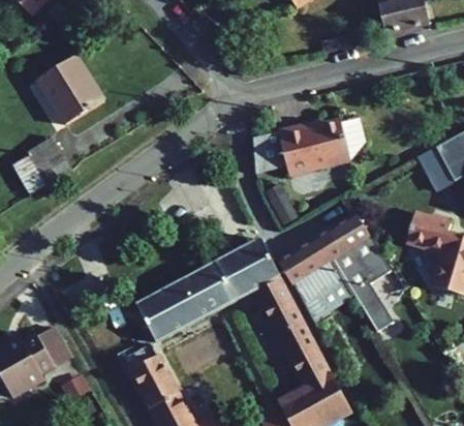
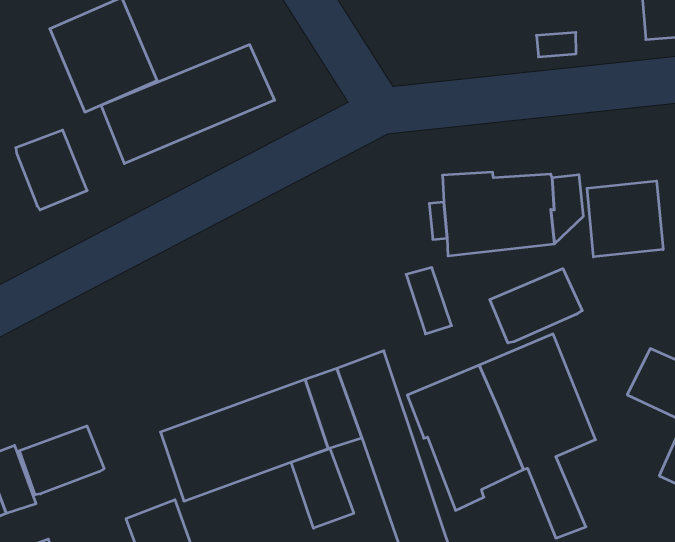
building: none -> [101,45,275,164]
building: none -> [587,181,663,257]
building: none -> [490,269,582,343]
building: none -> [291,449,354,528]
building: none -> [19,426,104,495]

